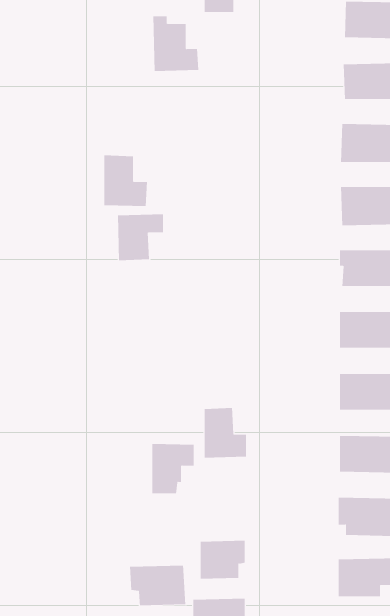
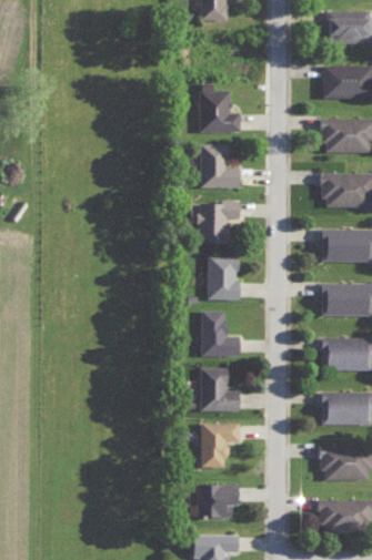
building: [152,16,199,71] -> [199,83,240,132]
building: [104,155,148,207] -> [200,143,239,189]
building: [117,214,164,261] -> [198,202,239,243]
building: none -> [205,255,238,299]
building: none -> [200,310,238,356]
building: [152,443,195,494] -> [200,422,238,467]
building: [129,565,186,606] -> none

